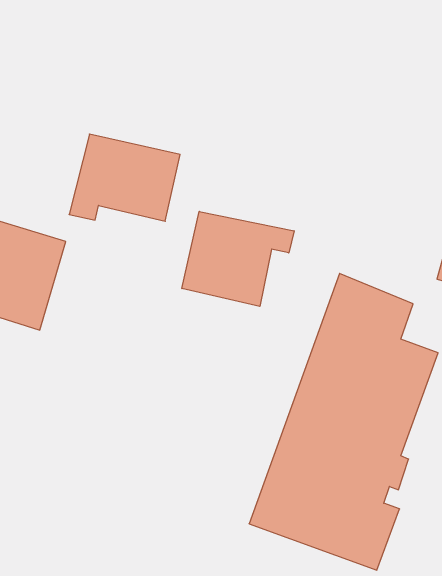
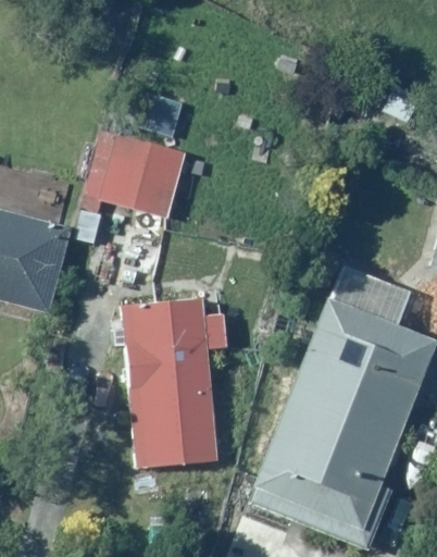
building: [182,211,294,306] -> none
building: none -> [122,293,228,461]

